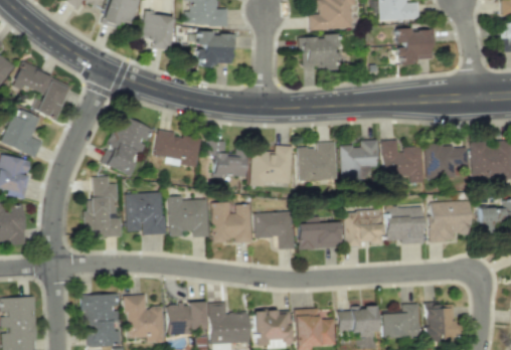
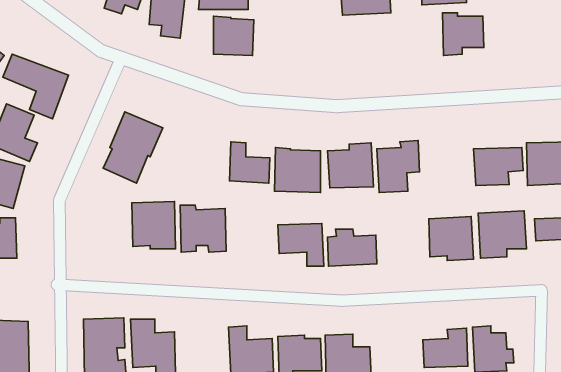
building: [301,35,339,68] -> none
building: [154,129,201,167] -> none
building: [381,139,422,184] -> none
building: [84,176,122,238] -> none
building: [211,201,250,242] -> none
building: [344,209,382,246] -> none
building: [167,302,206,334] -> none
building: [337,305,376,334] -> none

